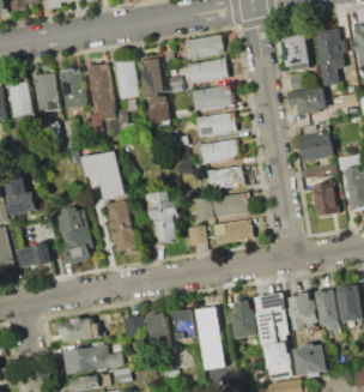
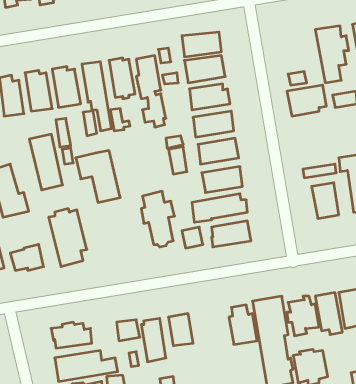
building: [281,35,310,70] -> none
building: [298,126,333,161] -> none
building: [104,198,137,252] -> [29,134,63,190]
building: [195,306,224,370] -> none

